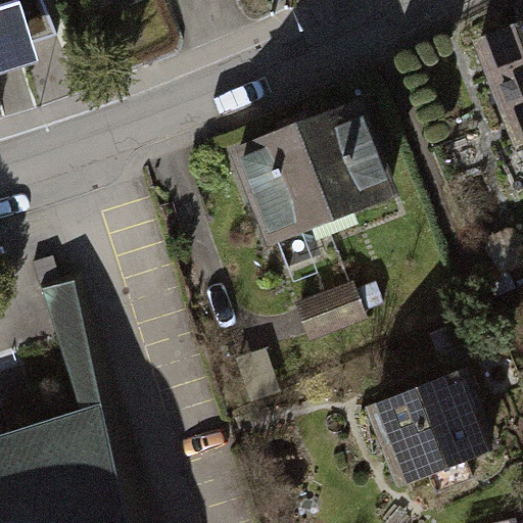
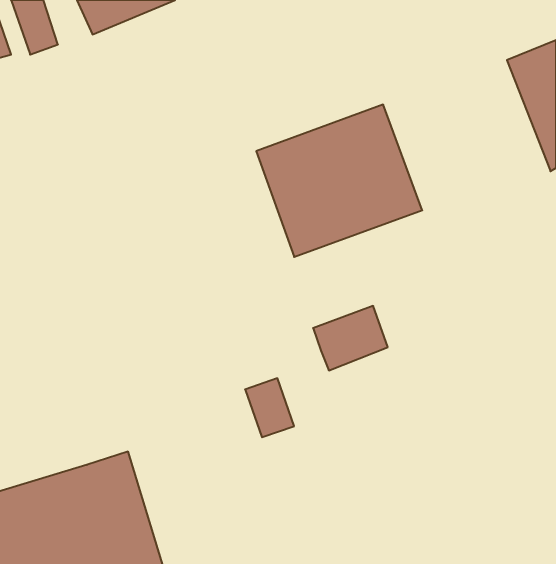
building: [37,293,117,431] -> none
building: [368,372,490,486] -> none

